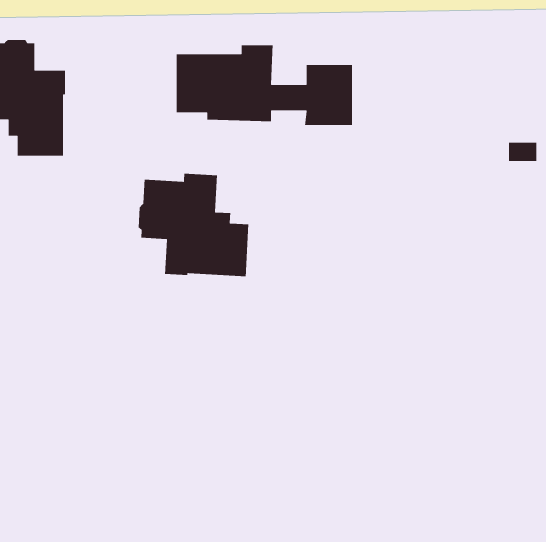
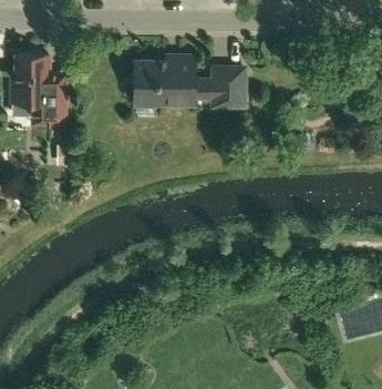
building: [138,173,249,277] -> none

